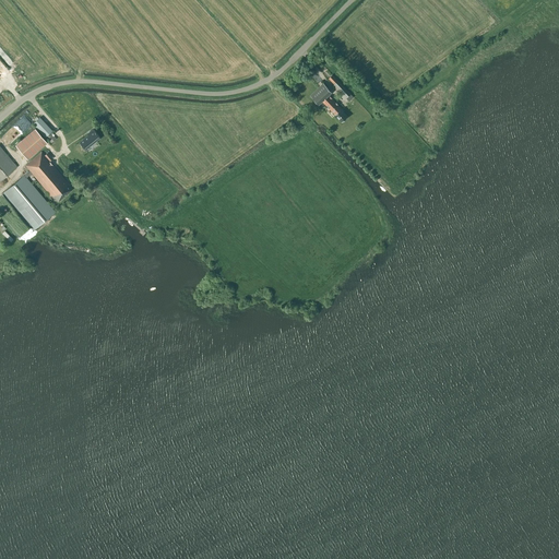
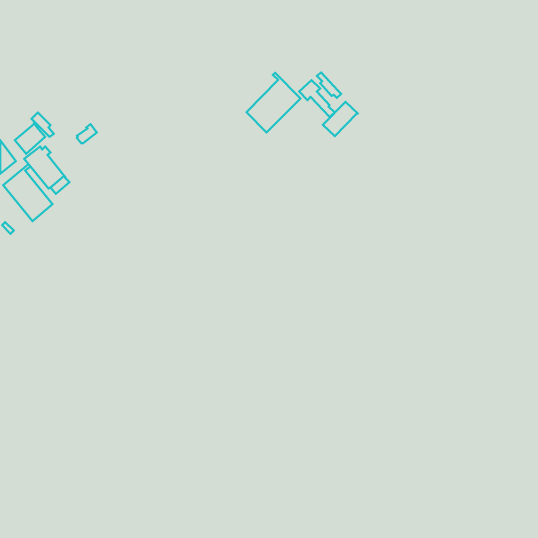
building: none -> [246,73,300,132]
building: none -> [323,102,358,136]

